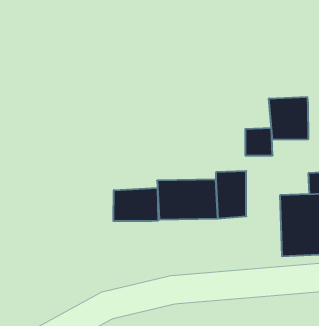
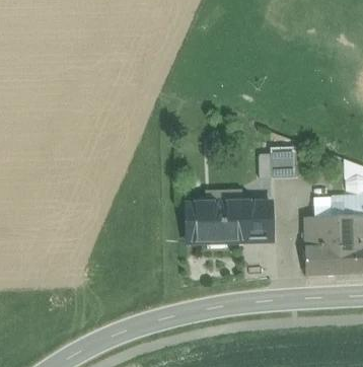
building: [269,97,308,140] -> none
building: [113,188,158,221] -> none

